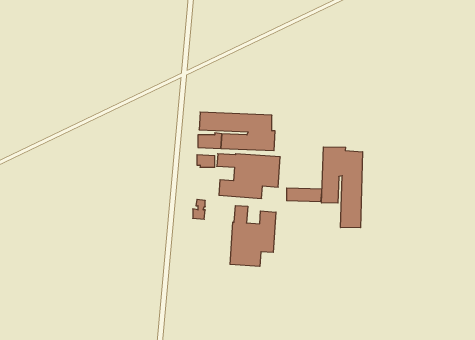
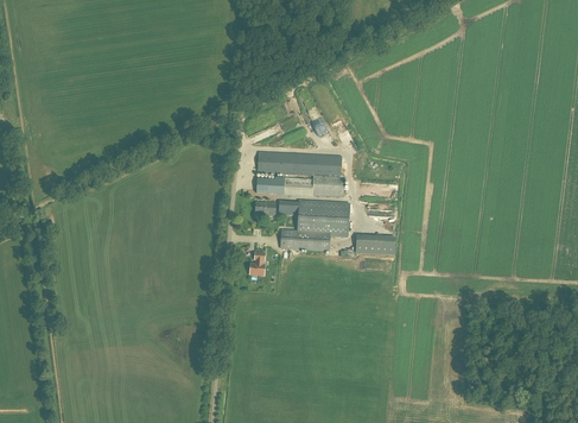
building: [322,147,363,228] -> none
building: [230,206,276,266] -> none

